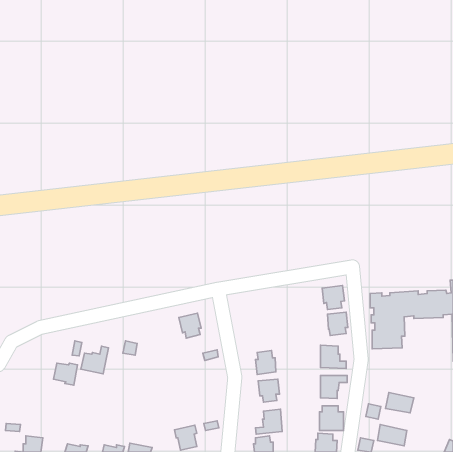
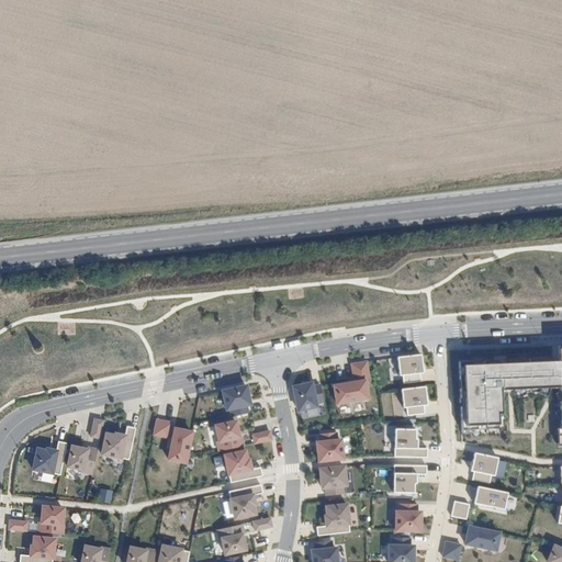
building: none -> [333,358,371,404]
building: none -> [291,384,322,412]
building: none -> [214,423,241,452]
building: none -> [167,429,190,463]
building: none -> [32,442,65,475]
building: none -> [473,451,499,481]
building: none -> [224,452,261,483]
building: none -> [228,485,261,519]
building: none -> [36,508,63,536]

